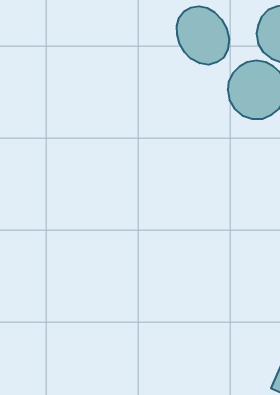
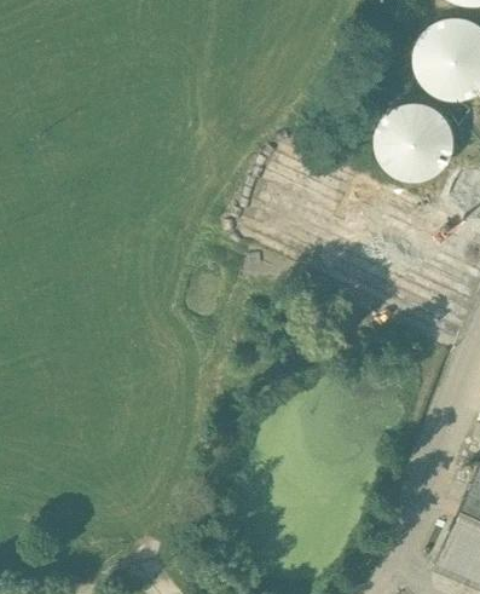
building: [177,6,229,65] -> none

